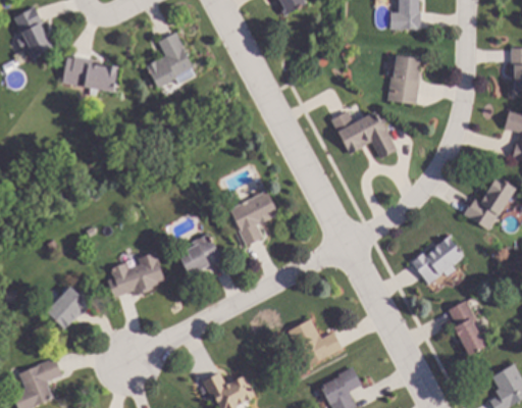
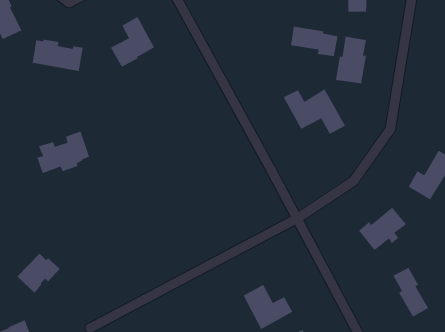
building: none -> [291,26,338,57]
building: [229,191,278,246] -> none
building: [177,234,222,276] -> none
building: [107,252,164,298] -> [36,131,90,174]

